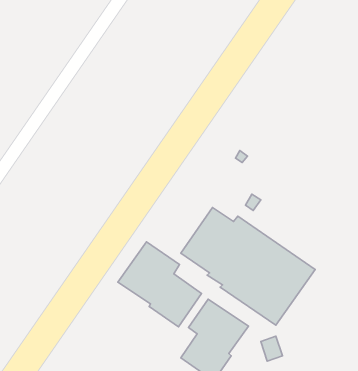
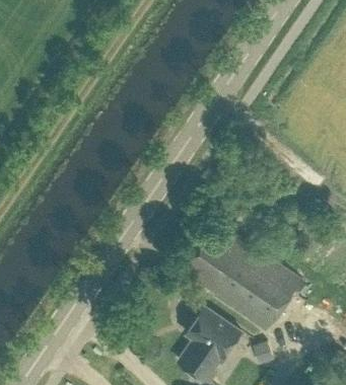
building: [118,242,201,327] -> none

